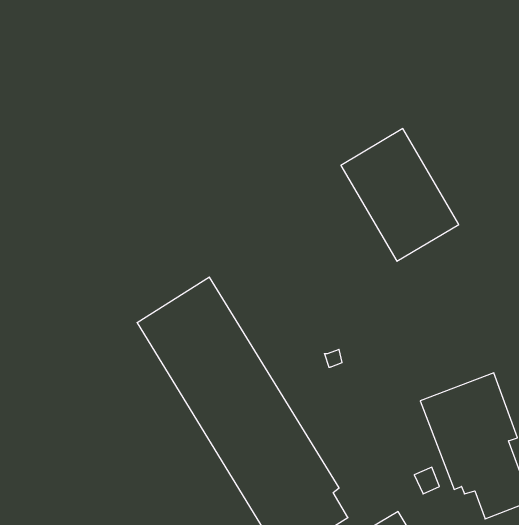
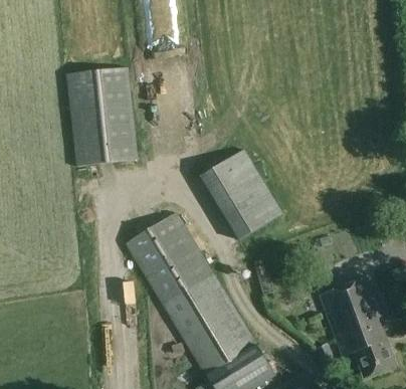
building: none -> [66,67,139,165]
building: [341,129,459,261] -> [203,150,283,240]

